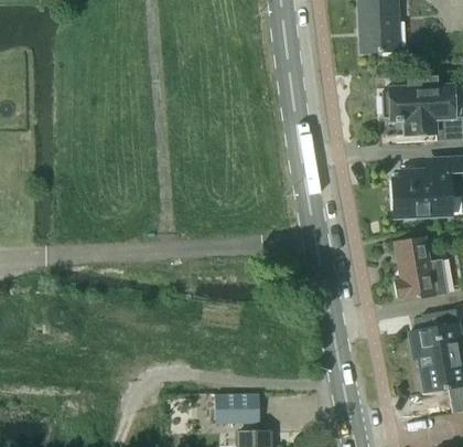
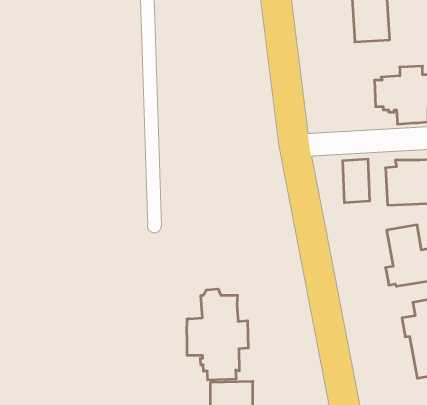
building: none -> [343,159,370,203]
building: none -> [187,289,248,380]

